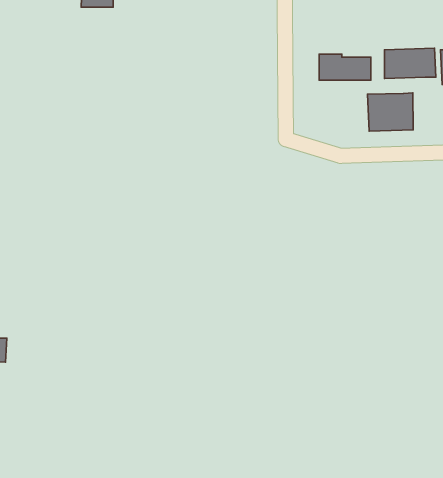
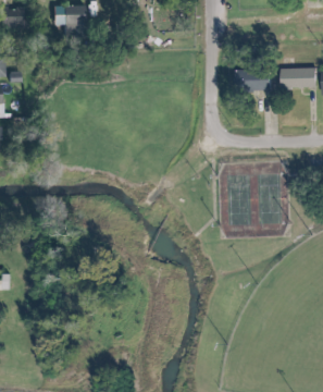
building: [367,93,413,131] -> none

